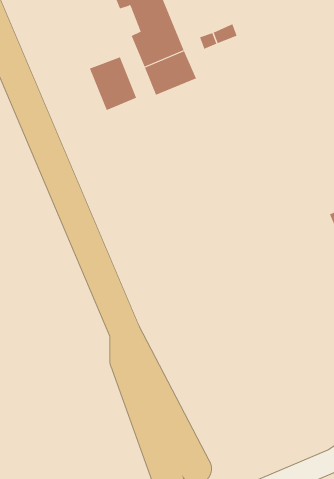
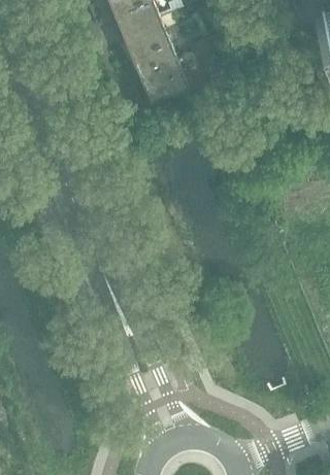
building: [89,56,137,111] -> none

